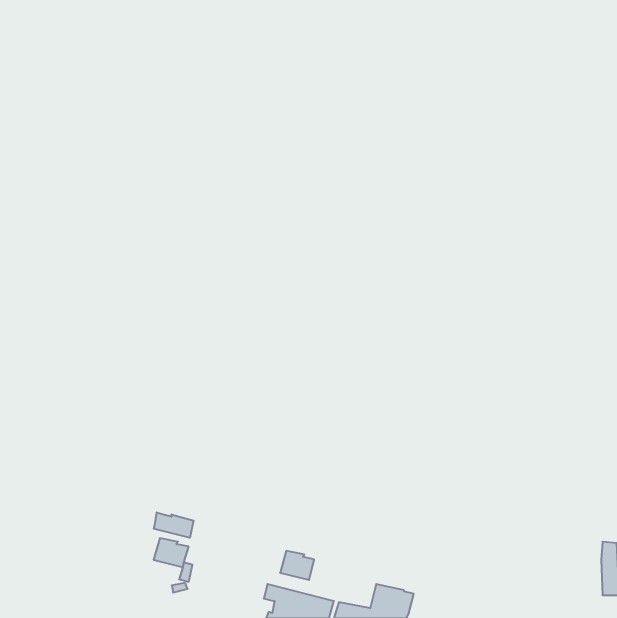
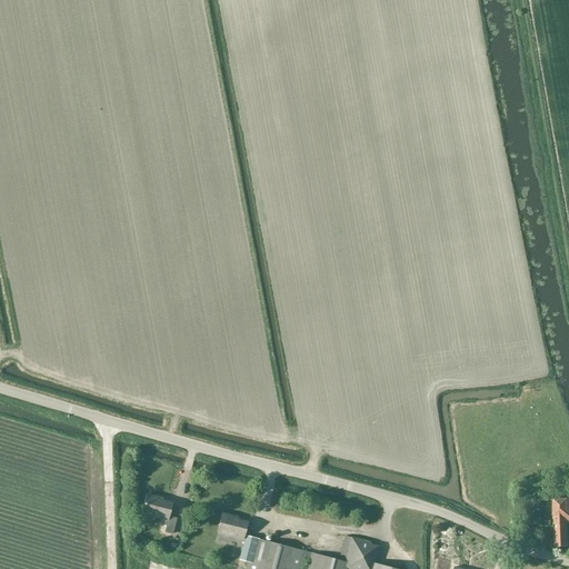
building: [154,512,194,538] -> none
building: [280,551,314,580] -> [218,513,249,540]

